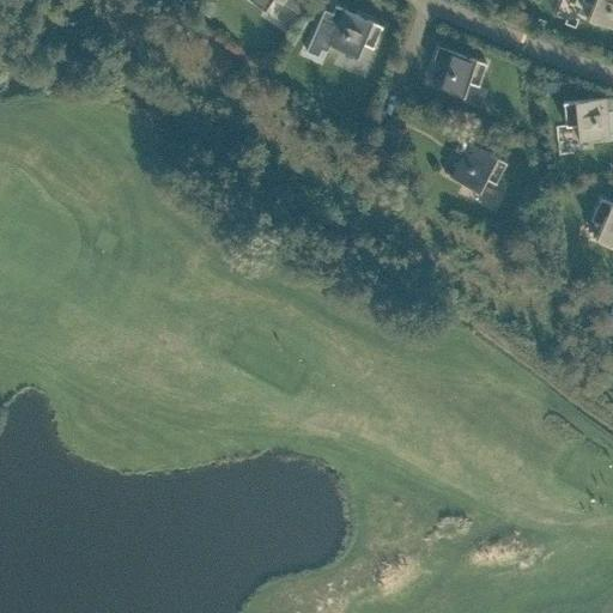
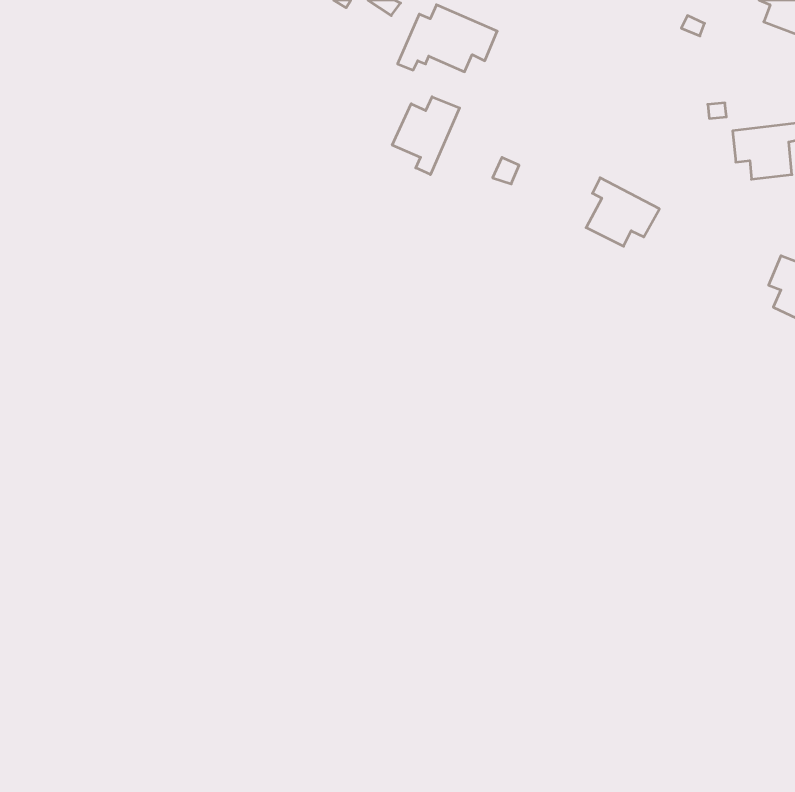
building: [435,48,487,98] -> none
building: none -> [392,97,460,175]

